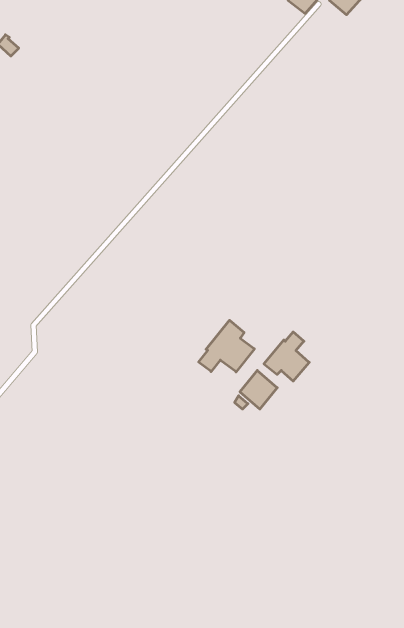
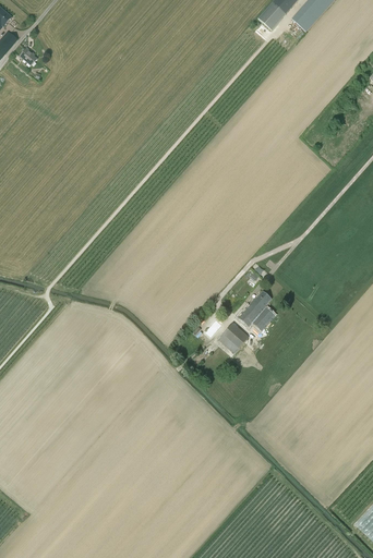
building: [199,320,254,372] -> none

